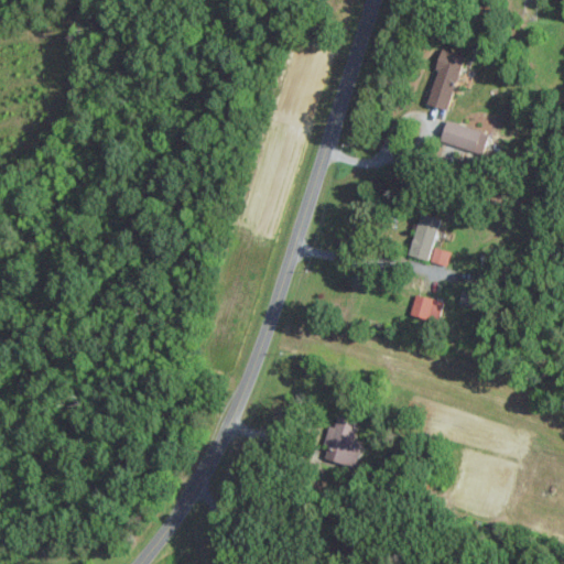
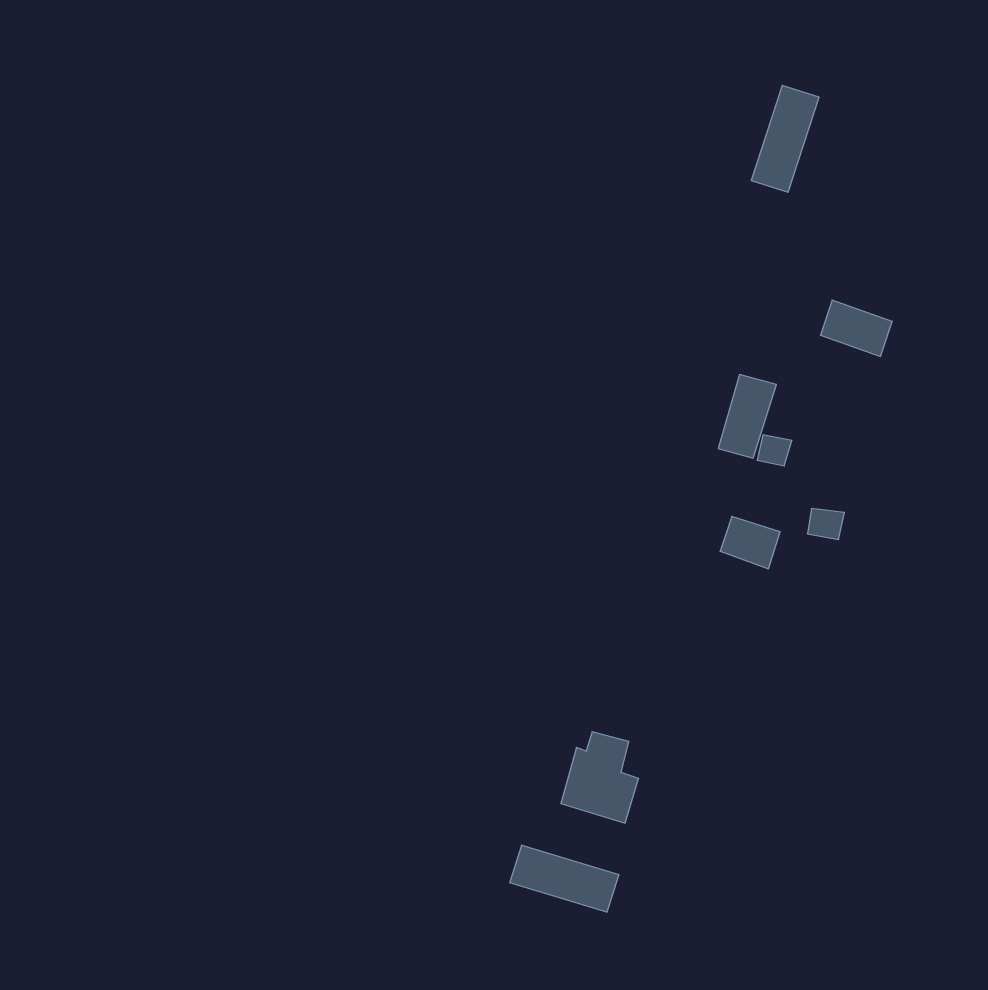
building: [441,120,481,152] -> [820,300,892,356]
building: none -> [510,845,619,912]

